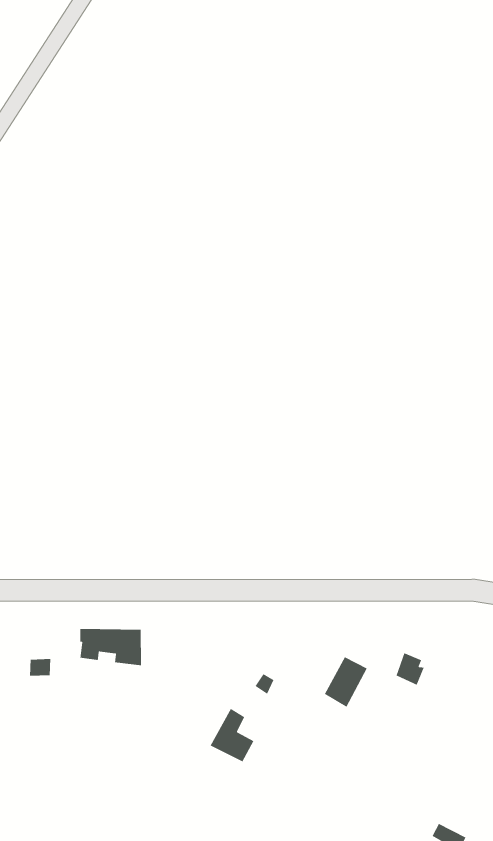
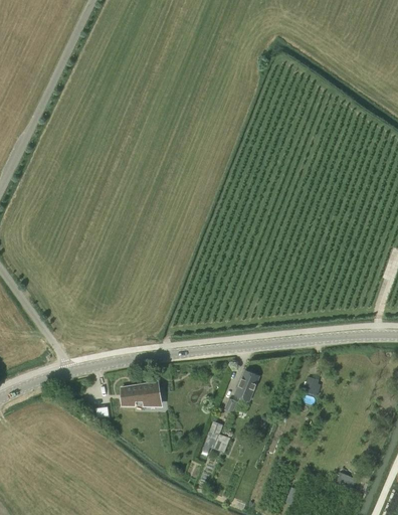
building: [324,656,368,708] -> [234,371,257,400]

